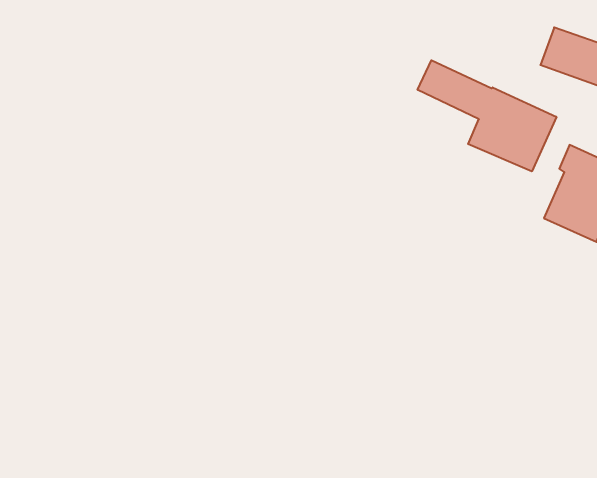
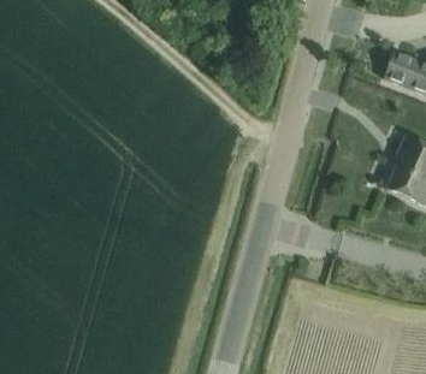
building: [418,60,556,171] -> none

